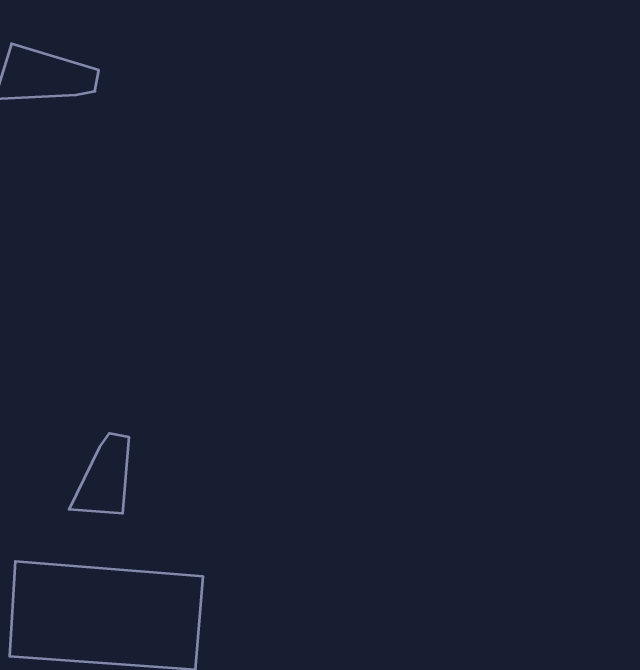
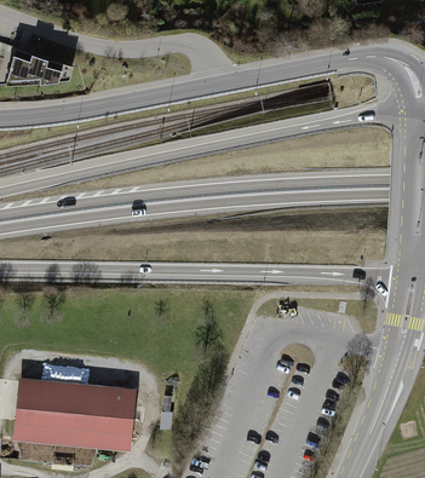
building: [69,433,129,513] -> none

